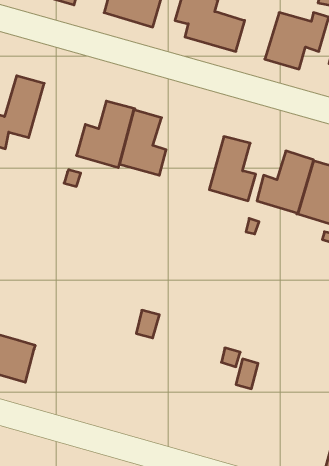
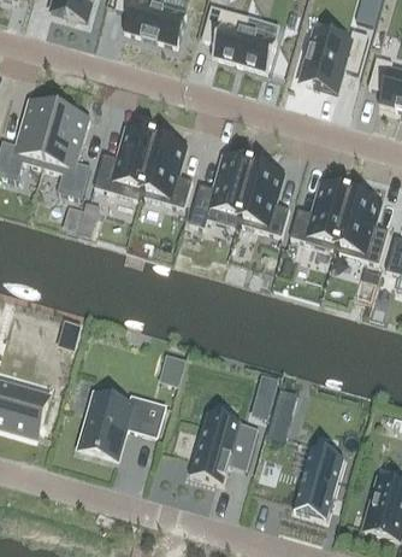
building: none -> [42,106,89,195]
building: none -> [189,153,254,225]
building: none -> [78,391,165,457]
building: none -> [189,410,259,482]
building: none -> [292,445,343,517]

